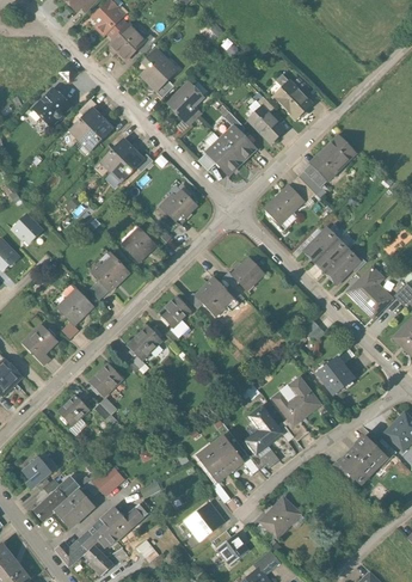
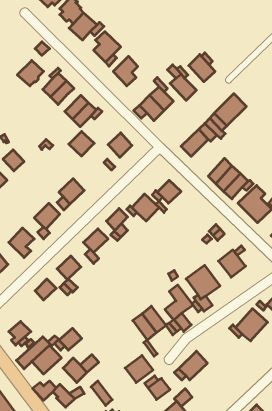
building: [121,227,156,262] -> [69,131,94,156]
building: [79,521,117,549] -> none

